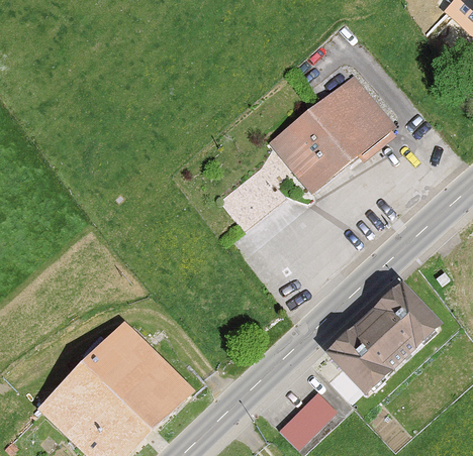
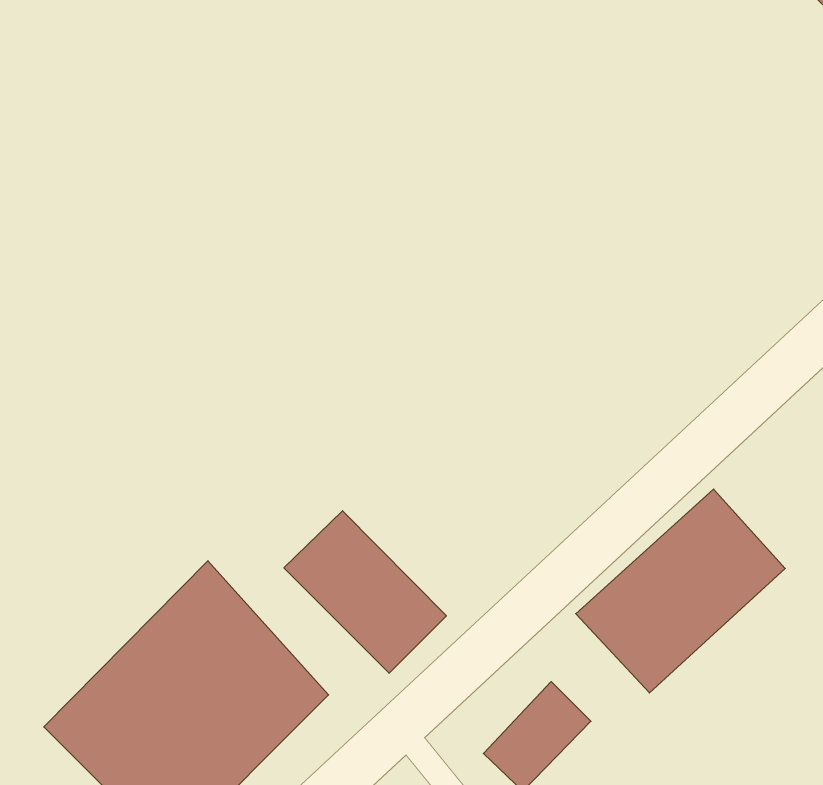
building: [271,77,395,192] -> none
building: none -> [284,511,446,673]

